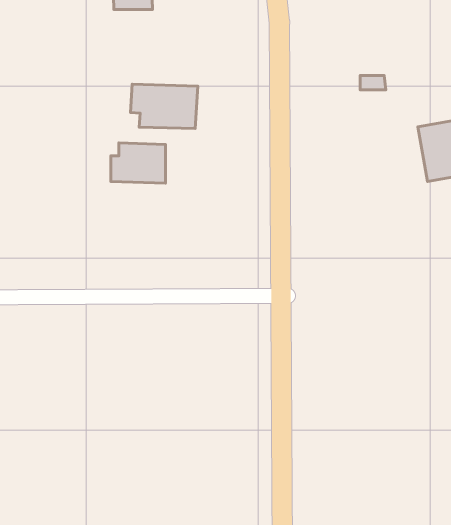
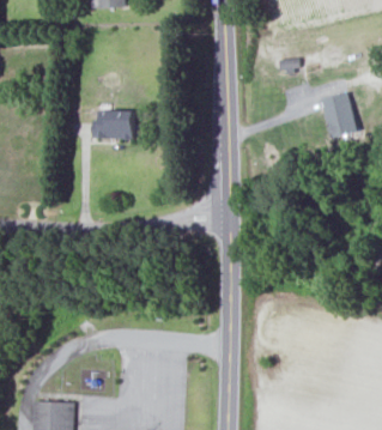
building: [130,84,198,128] -> none

